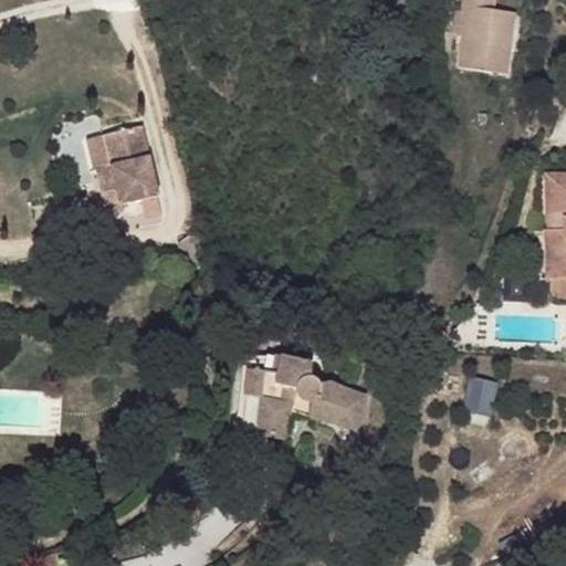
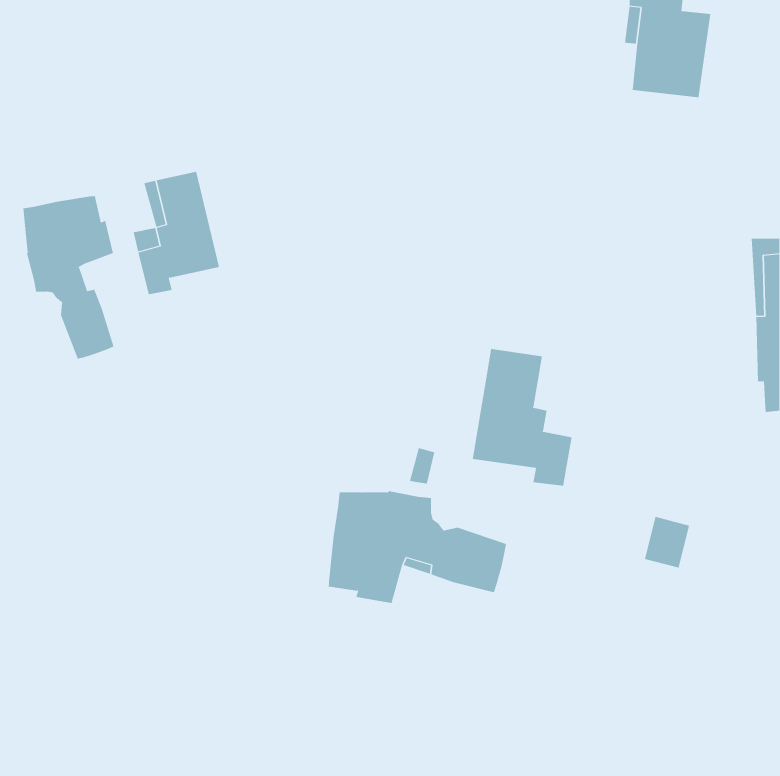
building: none -> [23,194,114,359]
building: none -> [472,348,572,486]

